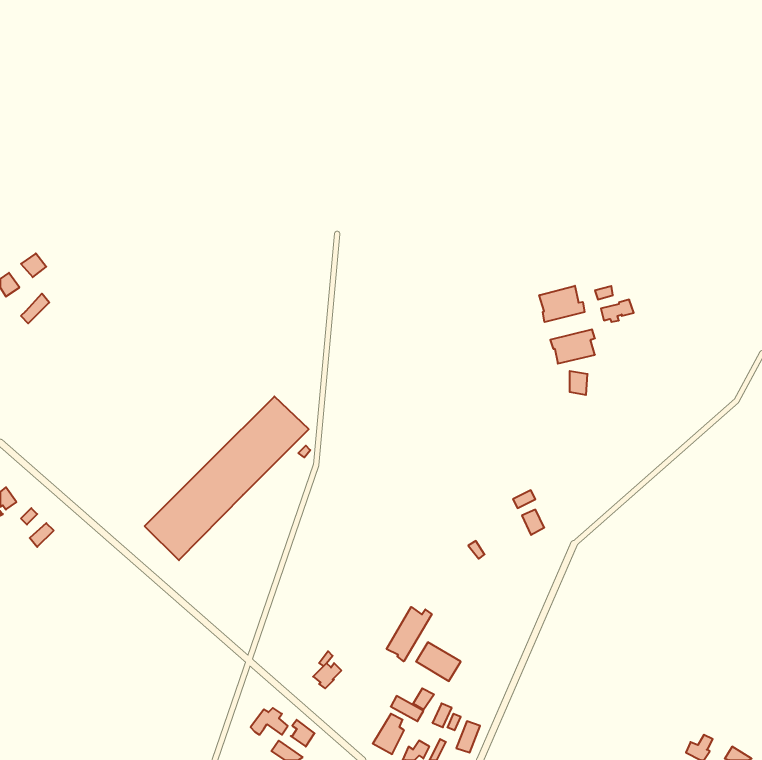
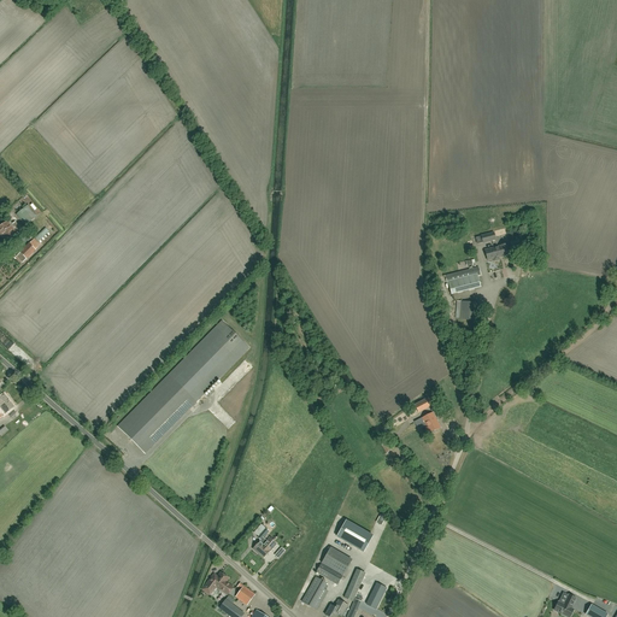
building: [539,286,585,322] -> none
building: [387,607,432,661] -> none

